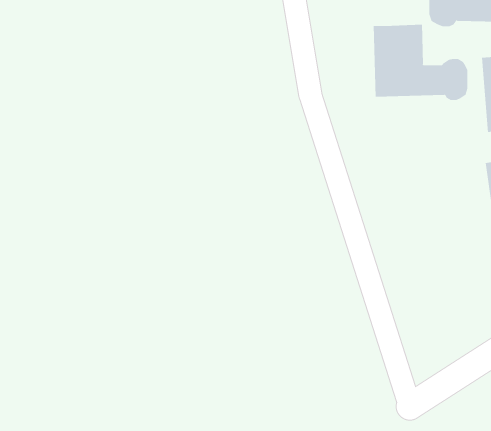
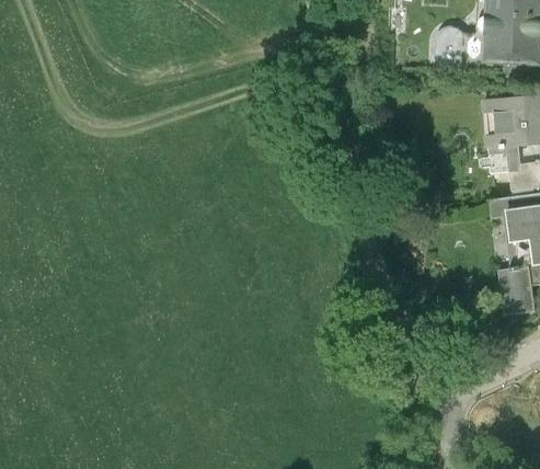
building: [373,24,468,101] -> none

